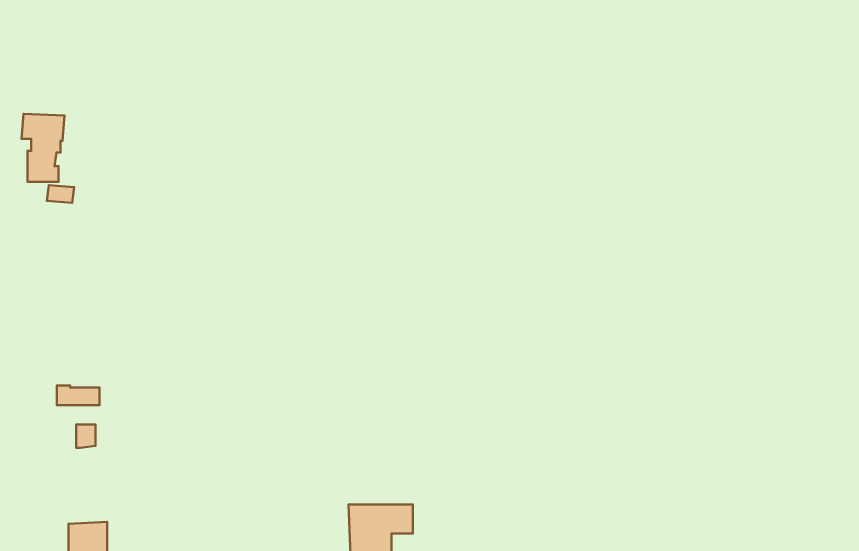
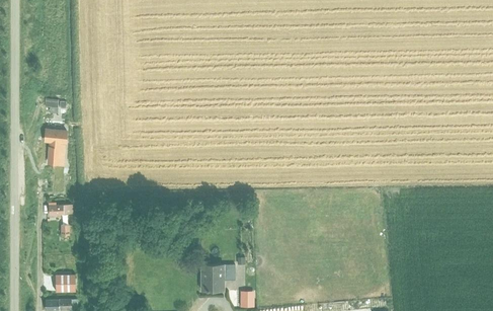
building: [22,114,64,182] -> [45,129,67,164]

